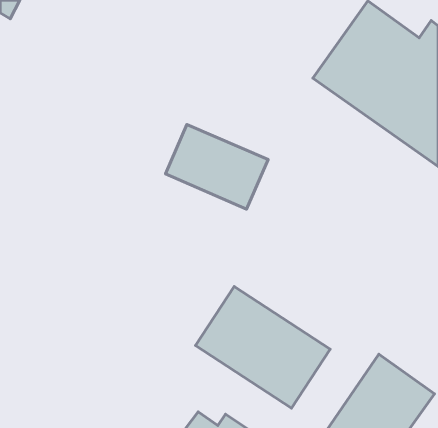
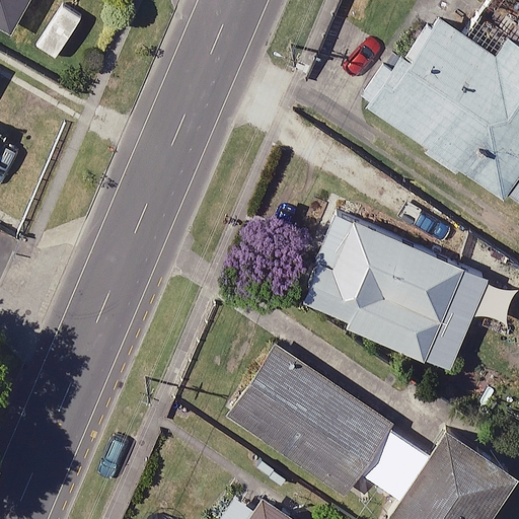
building: [166,124,268,209] -> none
building: none -> [299,214,490,370]

